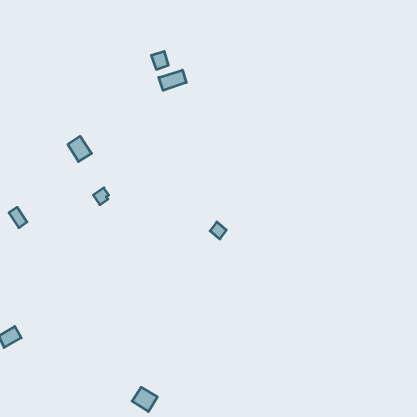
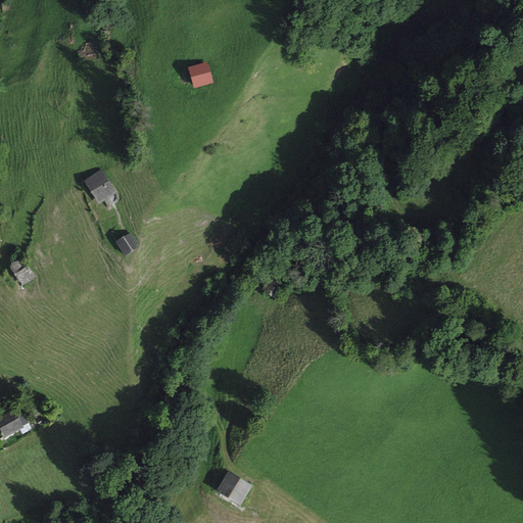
building: [159,70,186,90] -> none
building: [132,387,157,412] -> [218,473,249,504]

